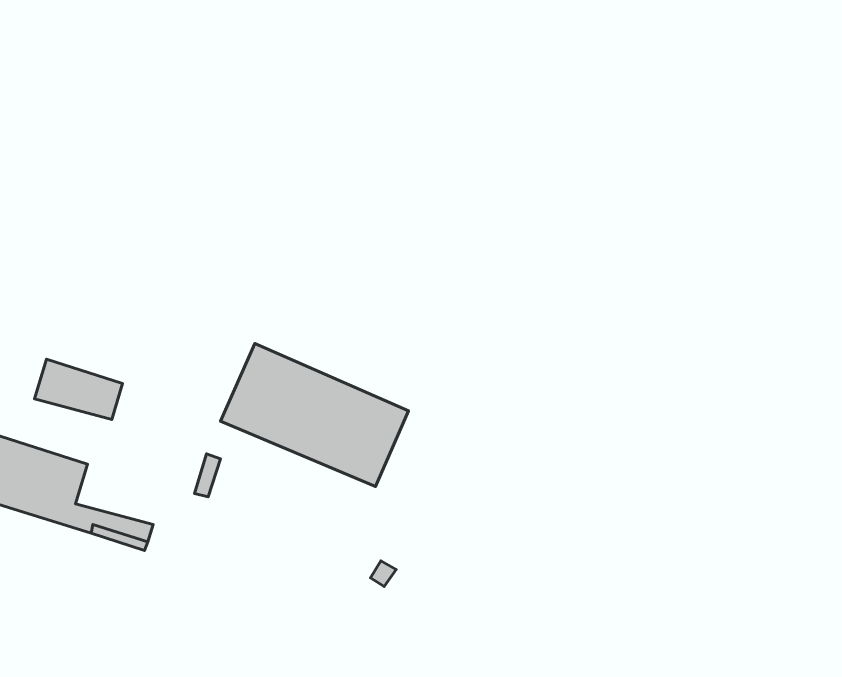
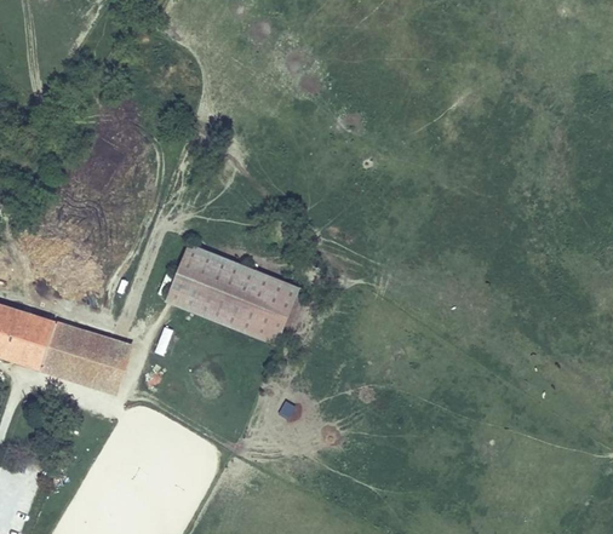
building: [34,359,122,420] -> [65,328,127,371]

